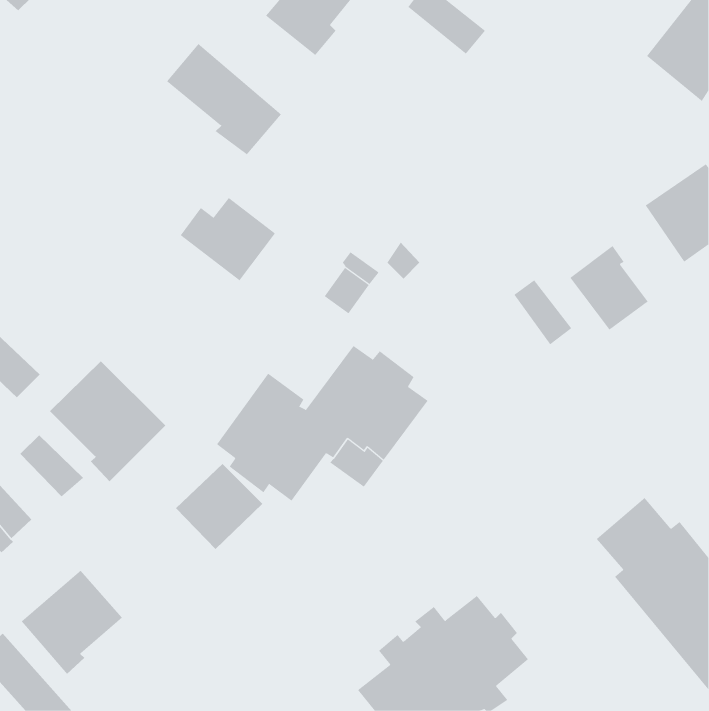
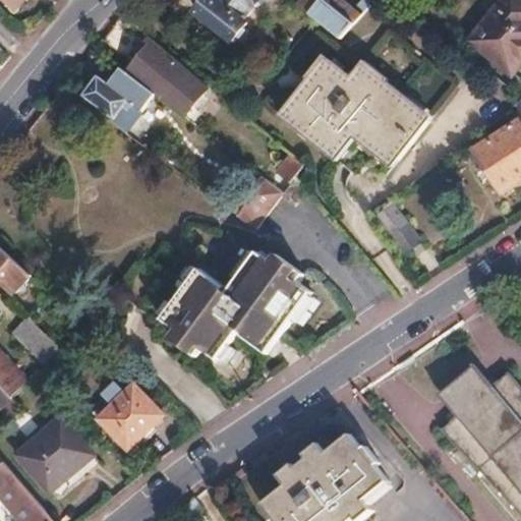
building: none -> [283,61,427,162]
building: [180,197,276,281] -> [82,65,153,126]
building: [569,245,649,331] -> none
building: [49,360,166,482] -> none
building: [175,463,263,550] -> [97,384,161,447]

